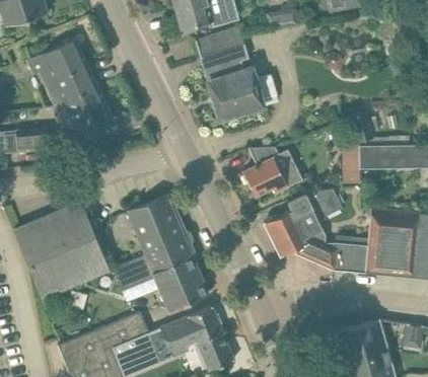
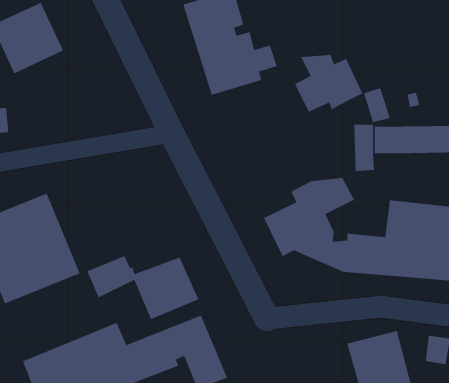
building: [52,80,114,136] -> none
building: [243,146,302,196] -> [294,55,363,113]
building: [127,195,194,271] -> none

